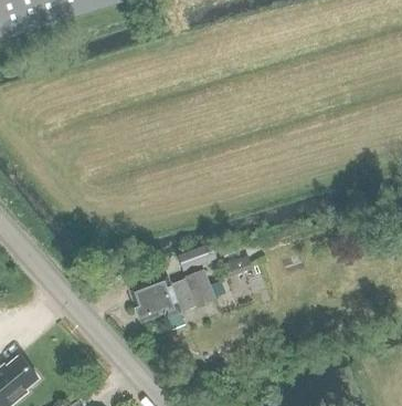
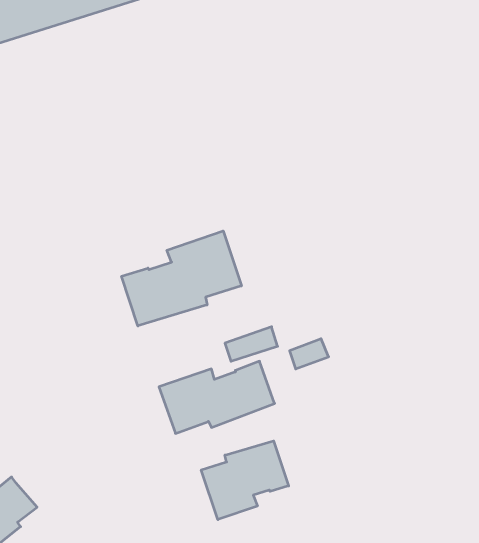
building: none -> [122,231,241,326]
building: none -> [201,441,289,520]

